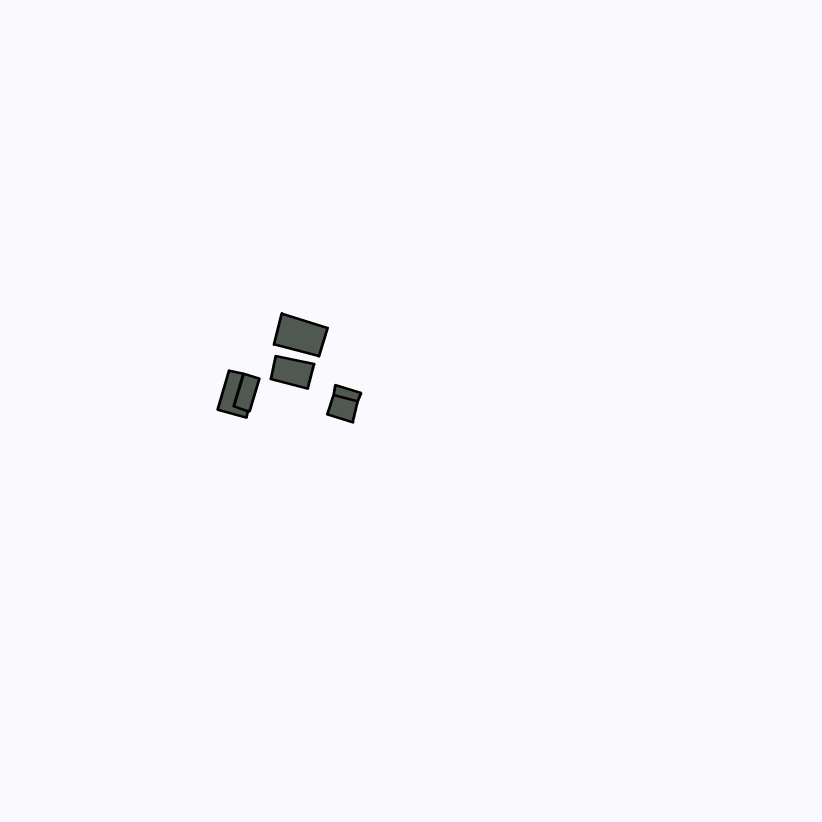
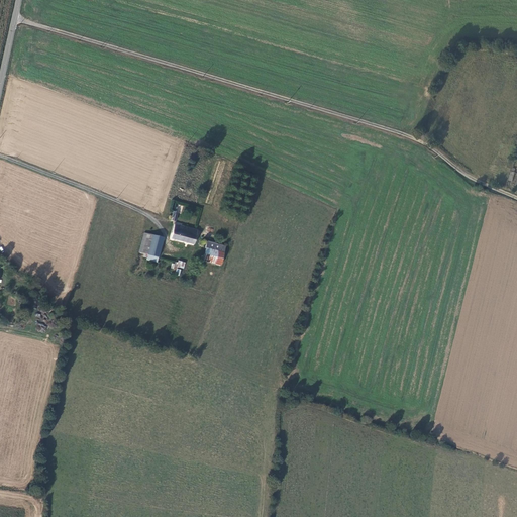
building: [274,313,328,356] -> none

